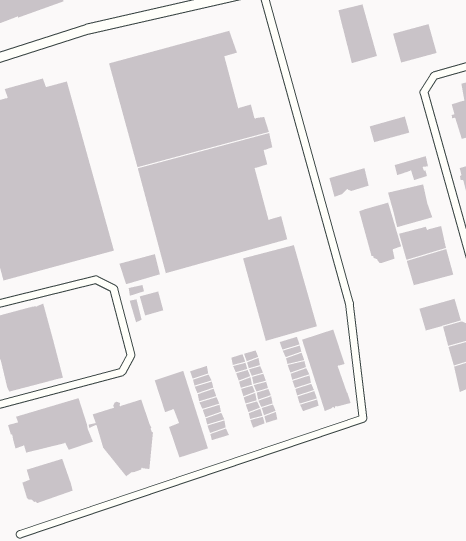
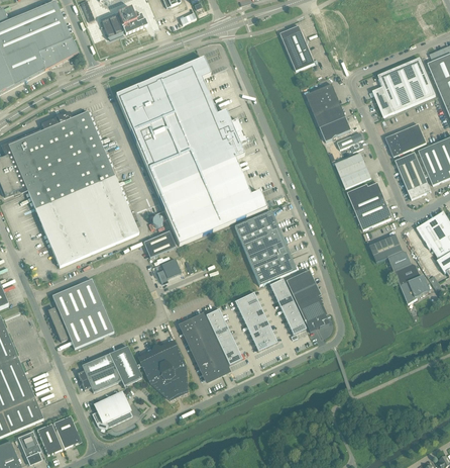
building: [392,23,437,63] -> [305,83,340,115]
building: [328,168,370,198] -> [319,116,350,142]
building: [359,202,402,264] -> none

